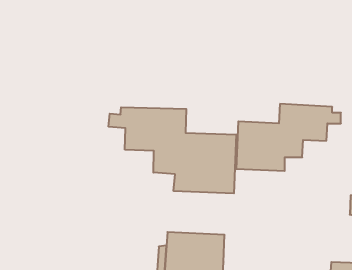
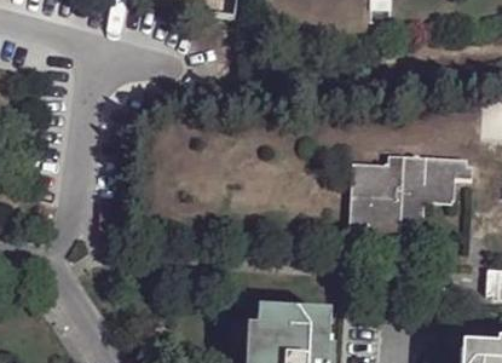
building: [109,107,236,193] -> none

